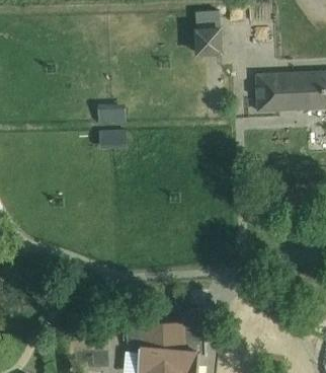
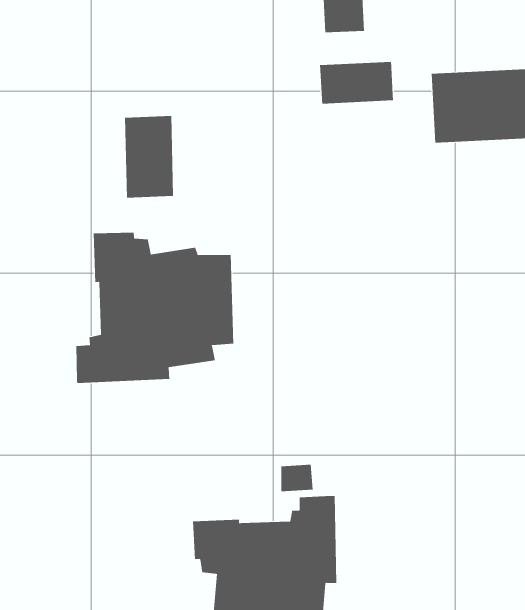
building: none -> [320,61,394,104]
building: none -> [76,232,234,384]

